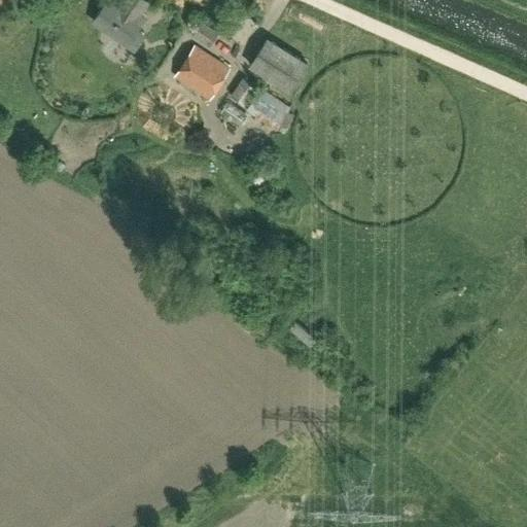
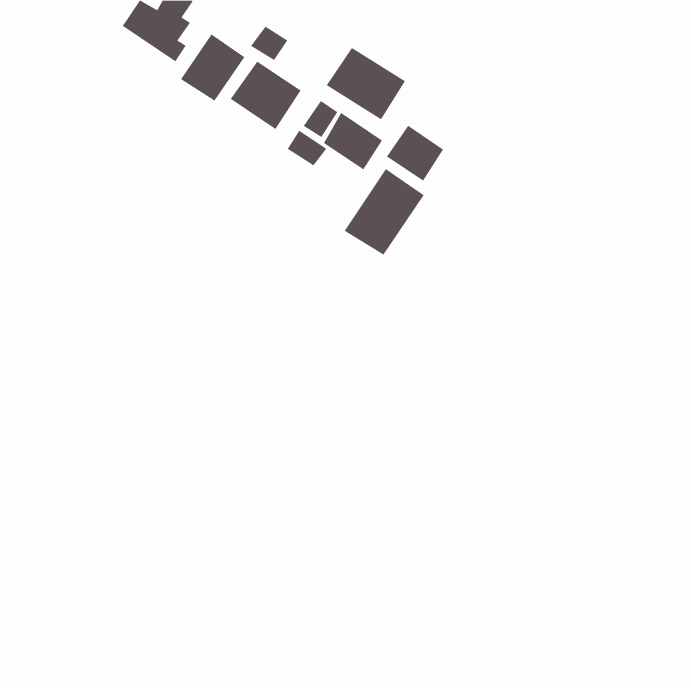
building: none -> [180,33,245,101]
building: none -> [386,125,444,182]
building: none -> [344,168,424,255]

